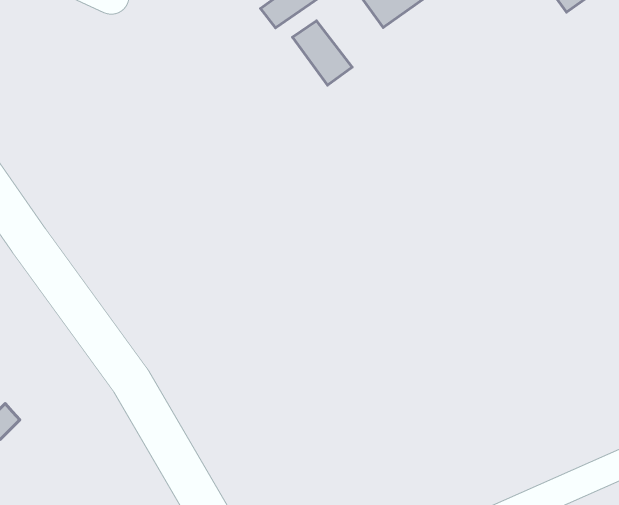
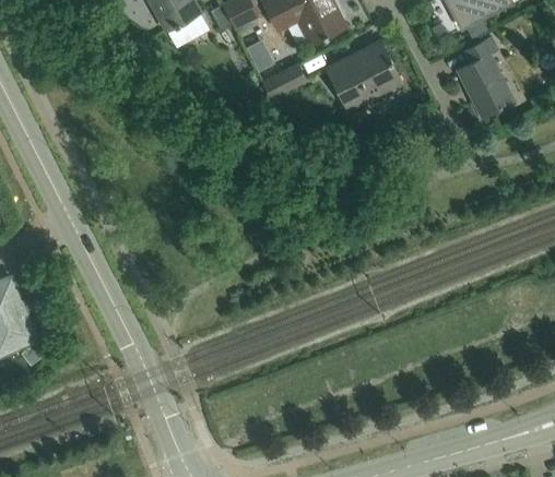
building: [292,21,352,85] -> none

